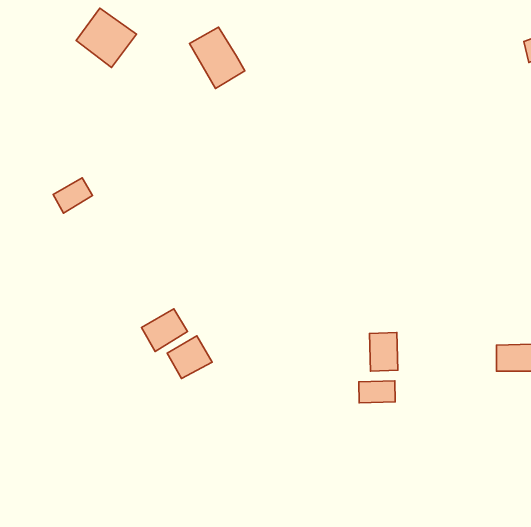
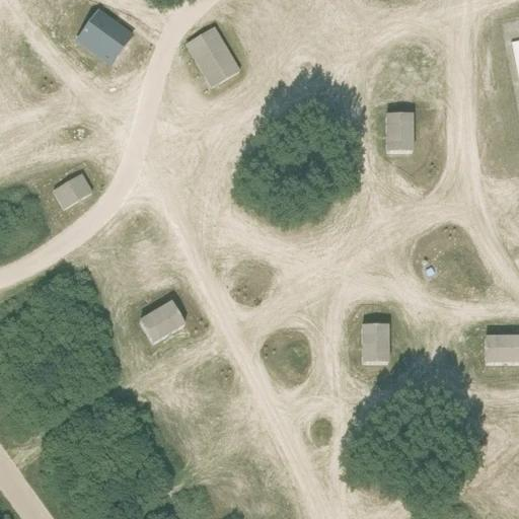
building: none -> [385,114,412,151]
building: [167,336,212,379] -> none
building: [359,381,395,403] -> none

